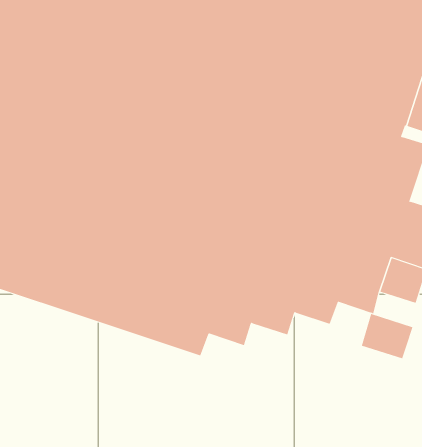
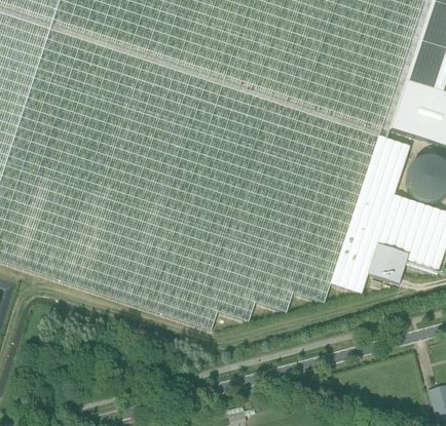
building: [361,313,413,359] -> none

